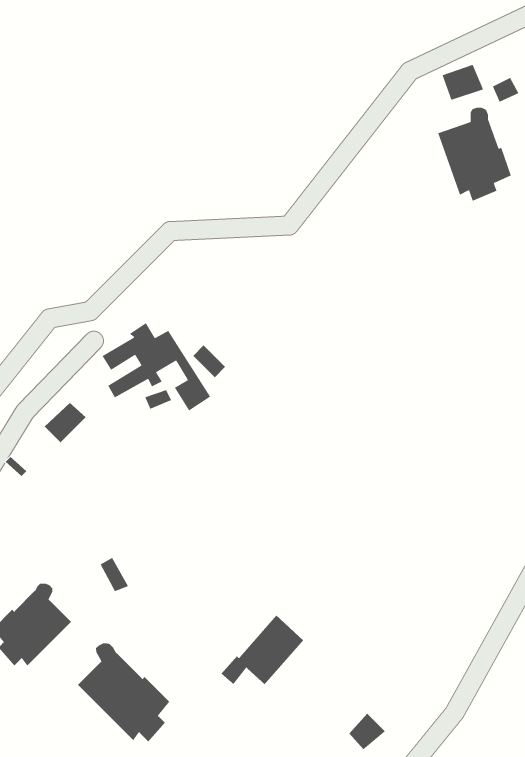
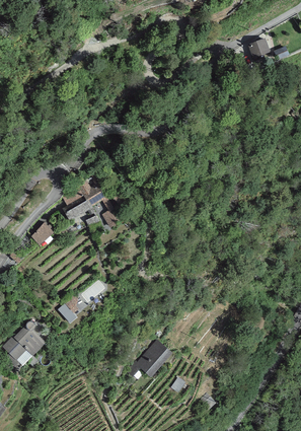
building: [437,107,512,202] -> none
building: [77,643,170,742] -> none

